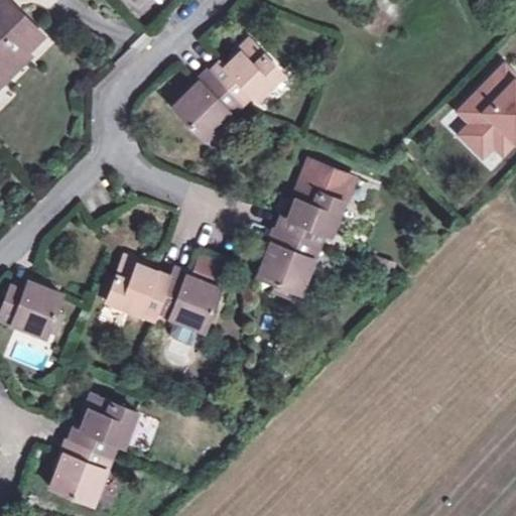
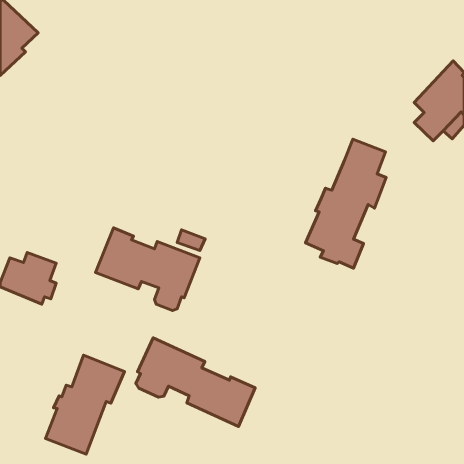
building: [174,40,285,139] -> none
building: [256,160,346,303] -> [305,139,386,268]
building: none -> [136,338,255,427]

